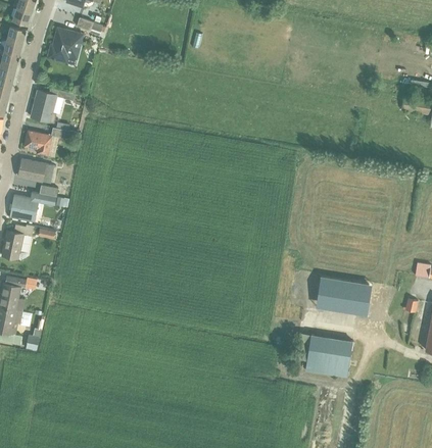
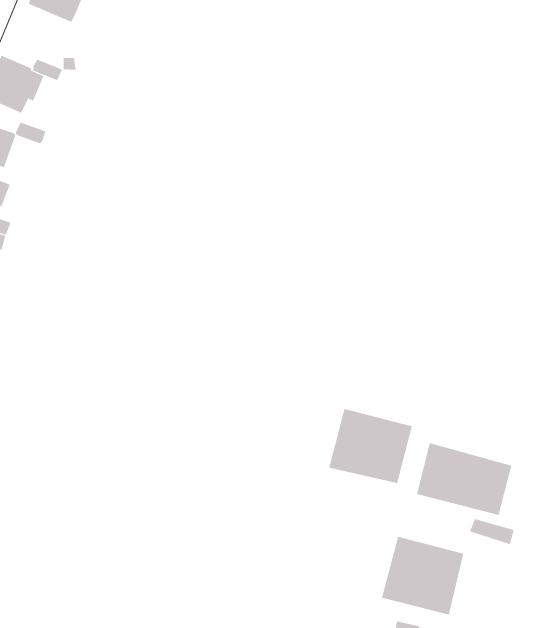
building: none -> [329,408,412,484]

